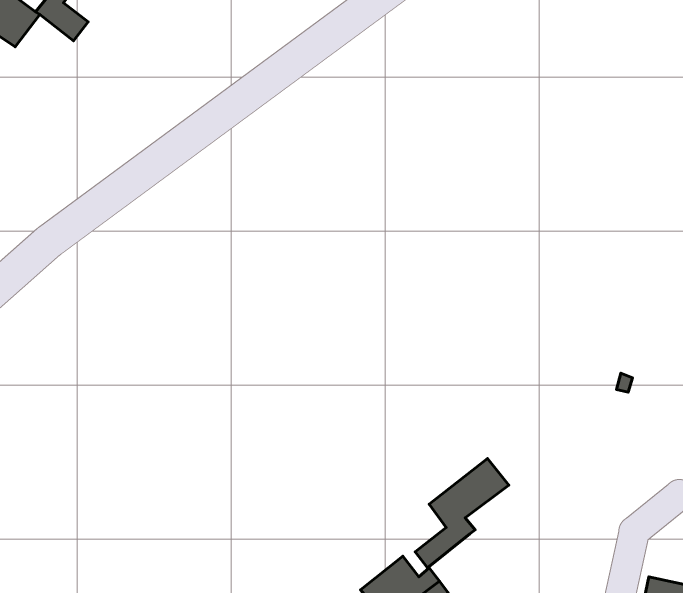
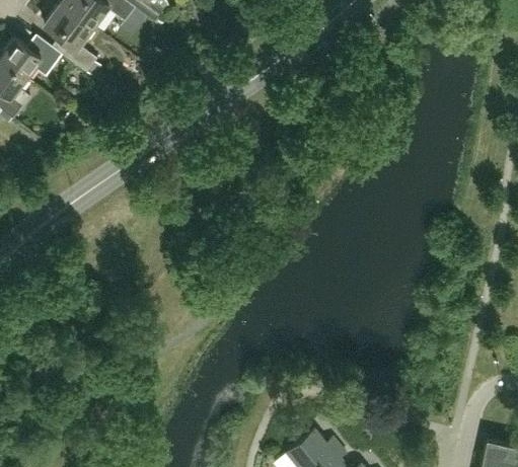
building: [415,458,509,568] -> none

